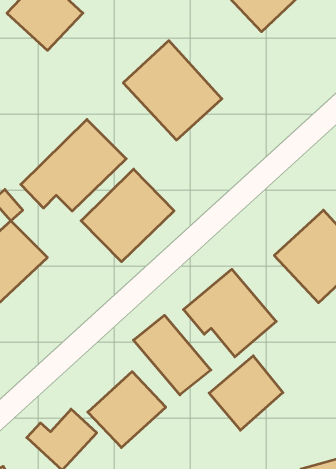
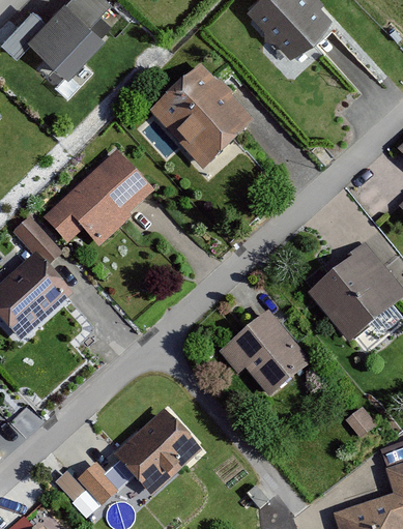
building: [81,169,174,262] -> none
building: [133,315,211,395] -> none
building: [209,356,283,430] -> none

